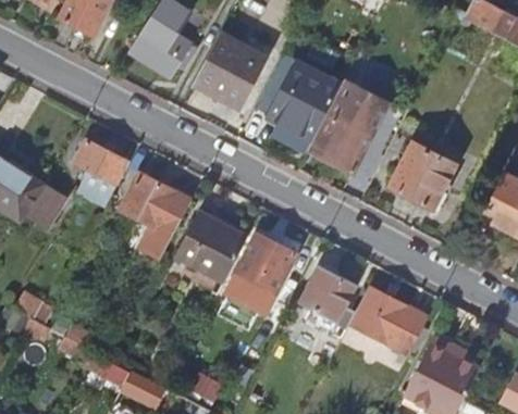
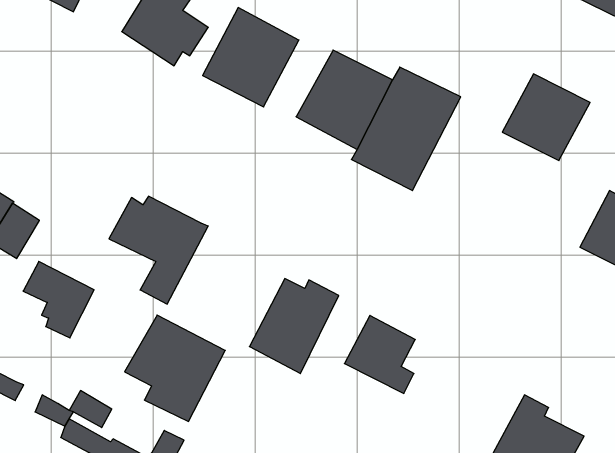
building: [74,140,128,199] -> [23,261,94,338]
building: [388,142,456,209] -> [502,74,590,161]
building: [172,211,249,292] -> [125,315,225,421]
building: [352,290,427,354] -> none

